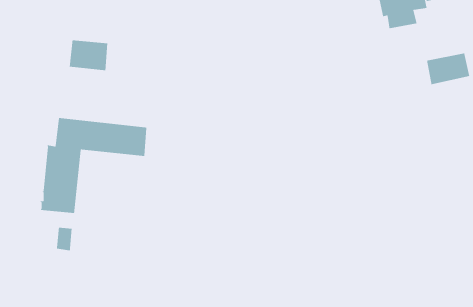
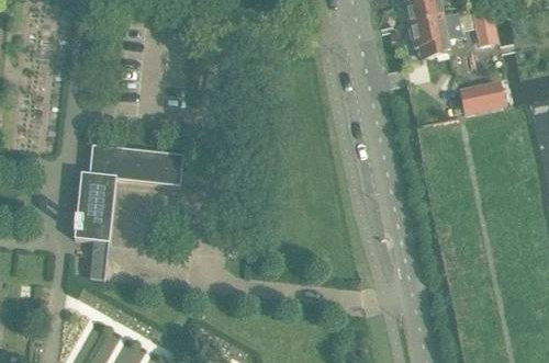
building: [69,40,108,71] -> none

